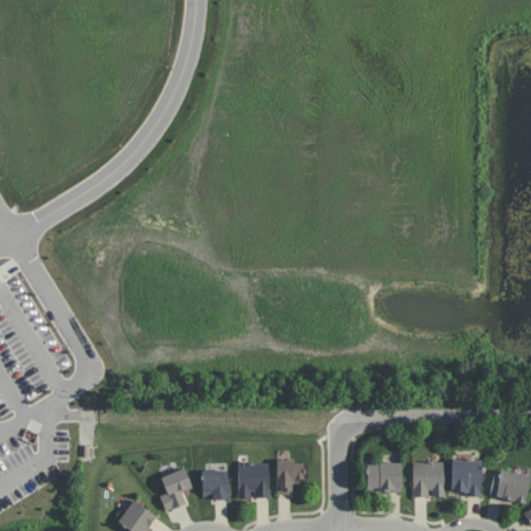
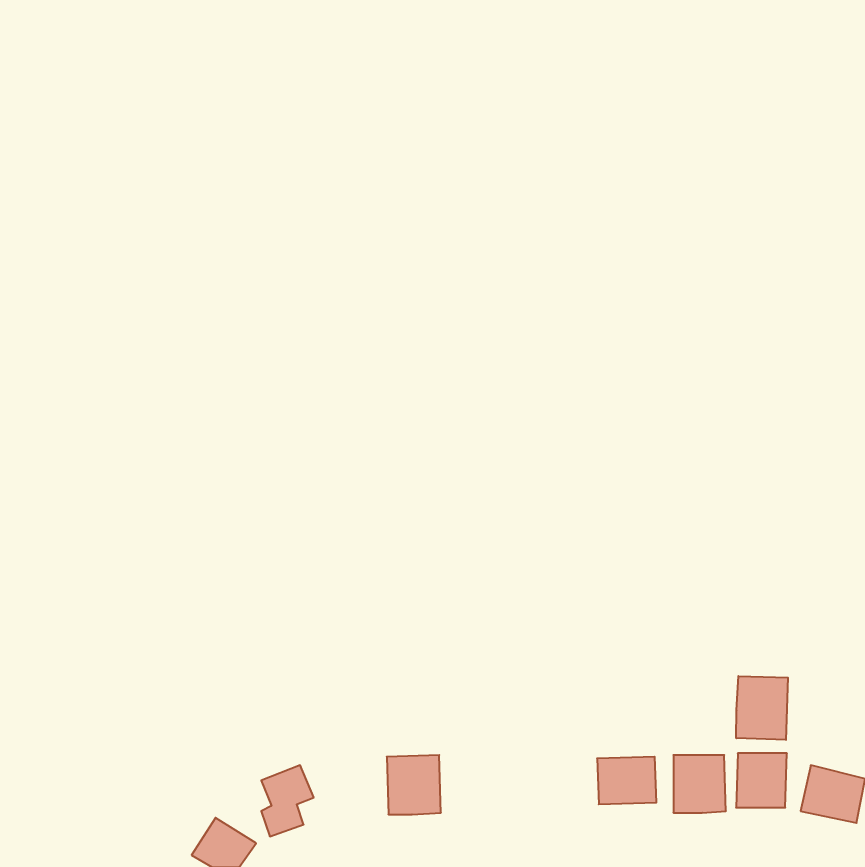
building: none -> [736,676,788,740]
building: [275,460,304,495] -> none
building: [201,470,227,500] -> none

